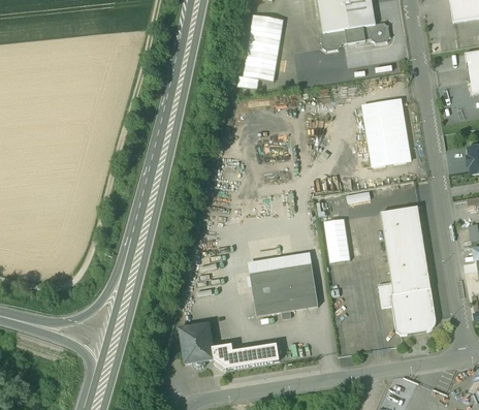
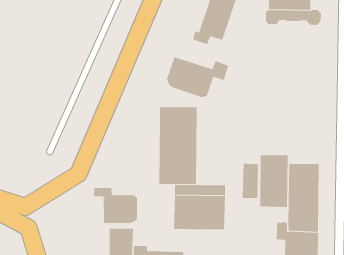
building: [362,99,407,167] -> [260,155,288,207]
building: none -> [166,56,229,98]
building: none -> [159,106,197,185]
building: none -> [93,187,138,224]

